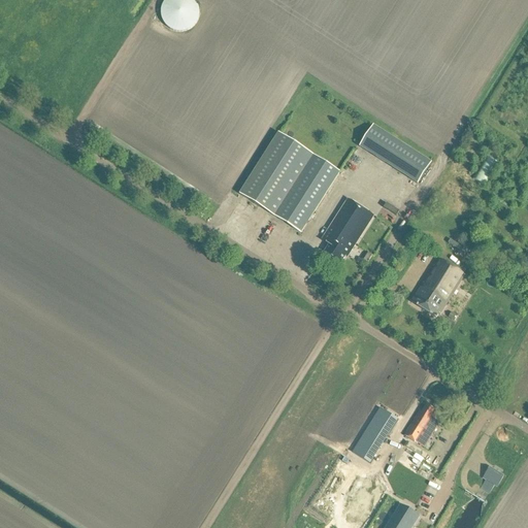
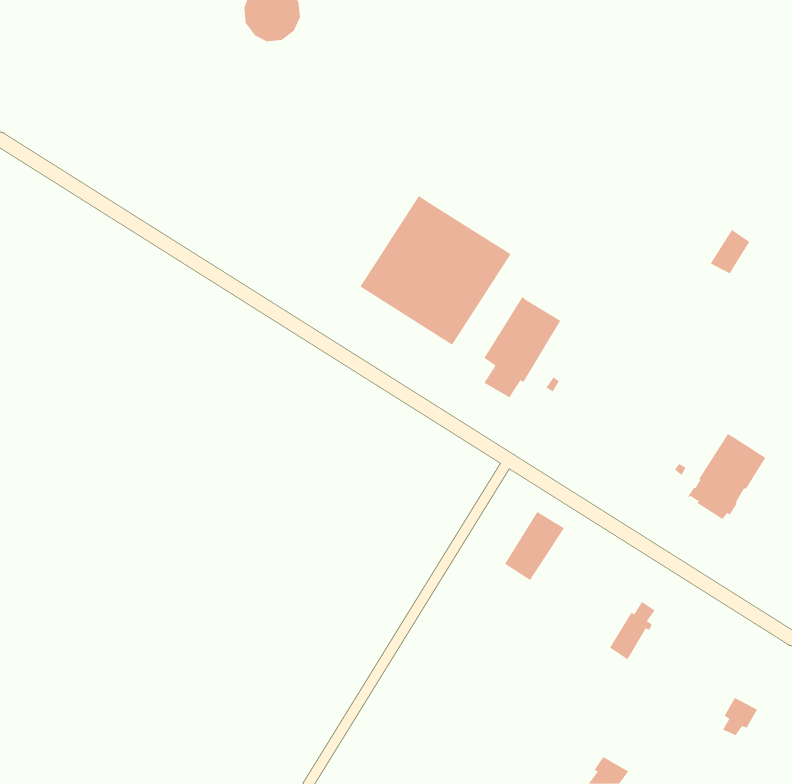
building: [357,127,428,185] -> none
building: [412,256,465,314] -> [687,433,766,520]
building: [353,415,393,461] -> [504,511,565,581]

